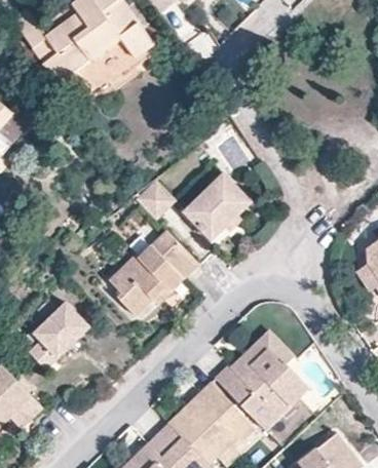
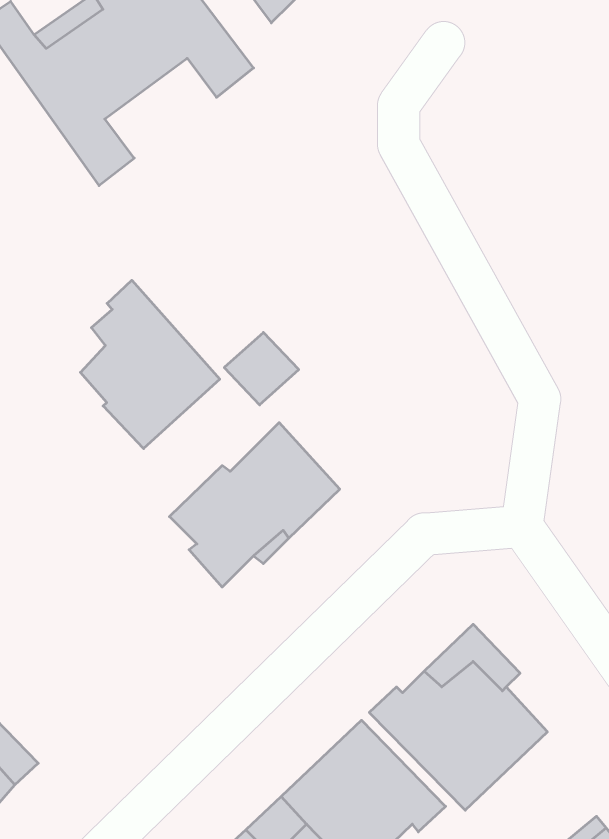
building: none -> [80,280,220,449]
building: [185,173,251,239] -> none
building: [29,301,90,367] -> none

